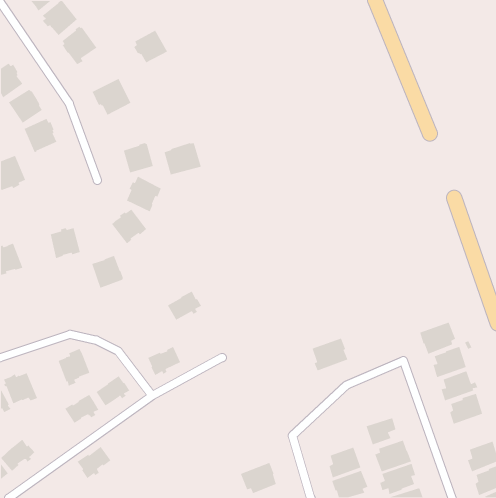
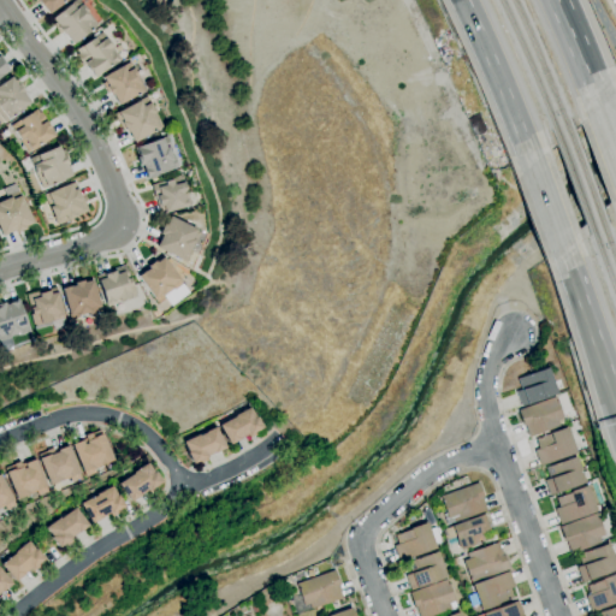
building: [133,29,168,63] -> [103,63,147,105]
building: none -> [136,136,180,180]
building: [164,142,202,176] -> none
building: none -> [46,182,90,225]
building: none -> [28,288,66,326]
building: [91,255,124,289] -> [97,265,138,307]
building: [167,291,202,321] -> [220,408,263,445]
building: none -> [517,367,559,407]
building: [311,337,348,371] -> [443,482,488,525]
building: none -> [40,446,82,485]
building: none -> [562,514,608,555]
building: none -> [396,522,438,562]
building: [76,446,111,479] -> [47,508,90,549]

